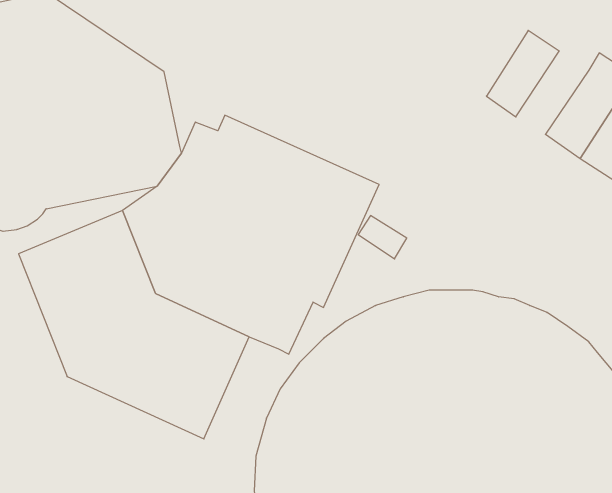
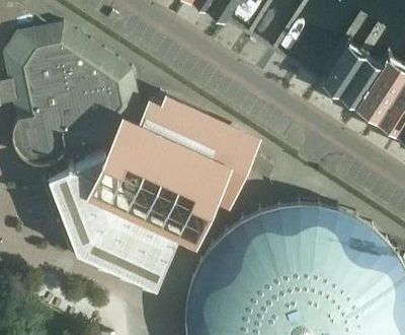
building: none -> [337,61,380,110]

